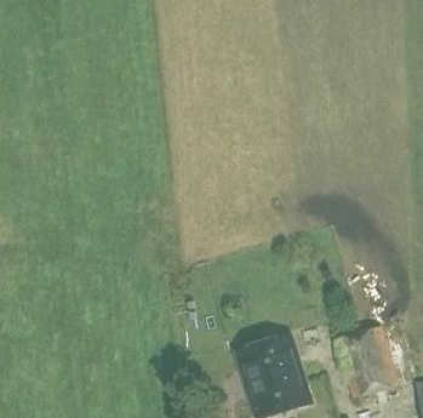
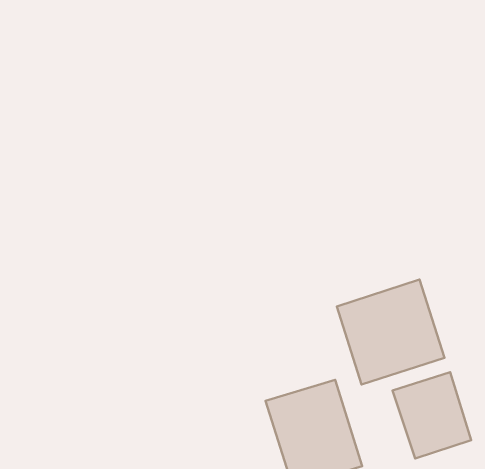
building: none -> [337,280,444,385]

